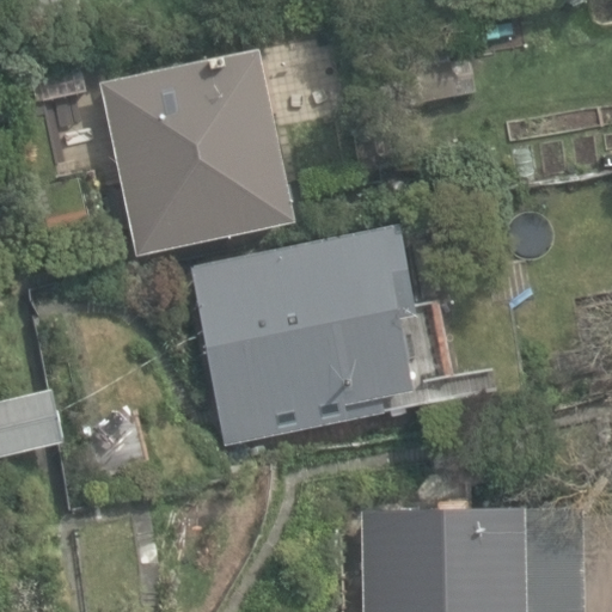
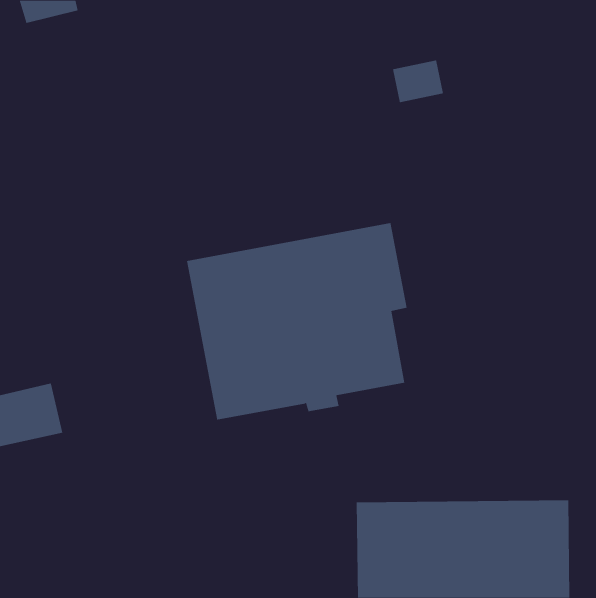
building: [103,54,293,255] -> none

